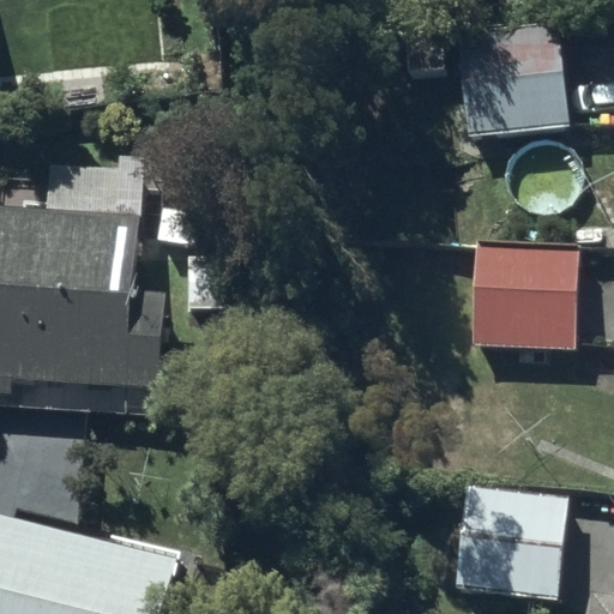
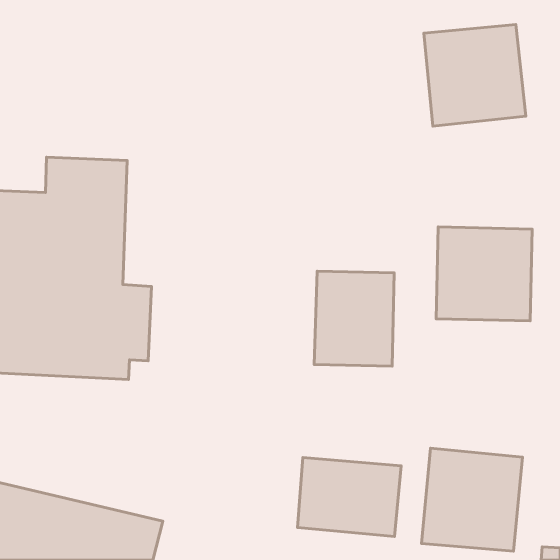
building: none -> [314,271,394,366]
building: none -> [297,458,401,537]

